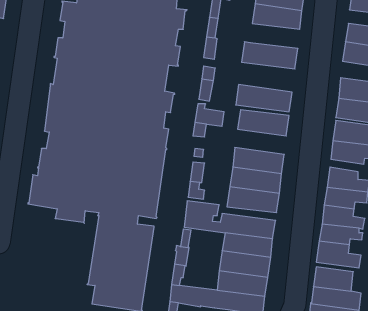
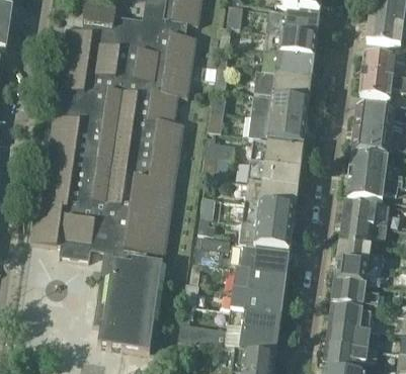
building: none -> [263,52,315,78]
building: none -> [251,96,309,123]
building: none -> [247,162,301,188]

